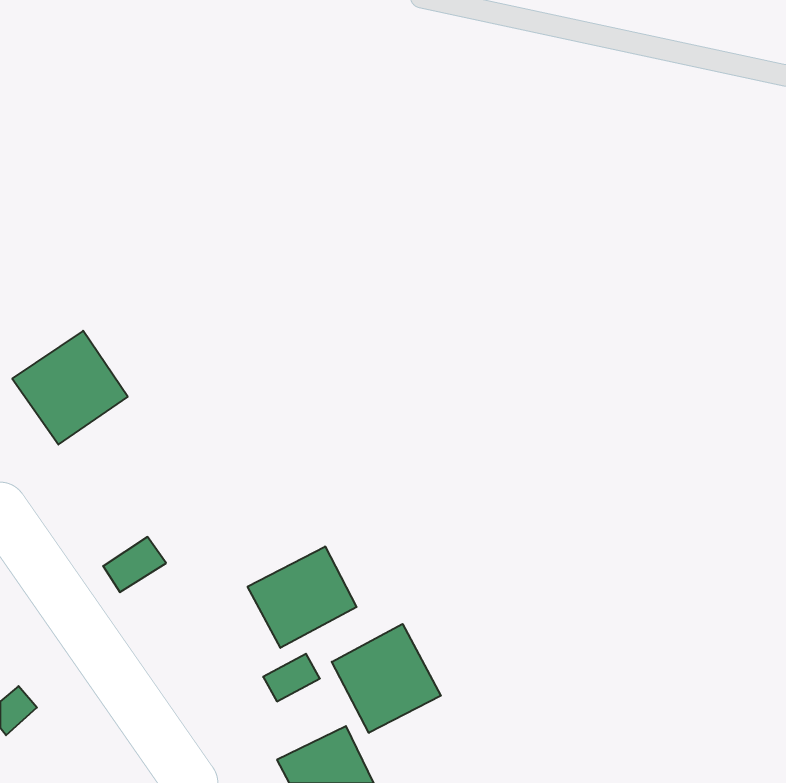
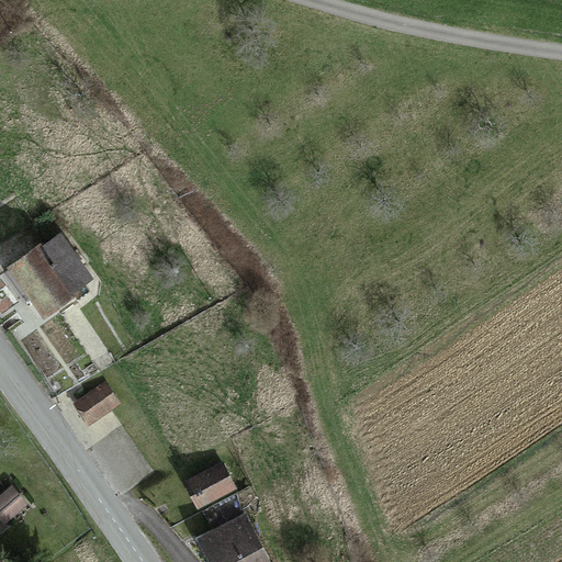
building: [248,546,357,648] -> none
building: [332,624,441,733] -> none

